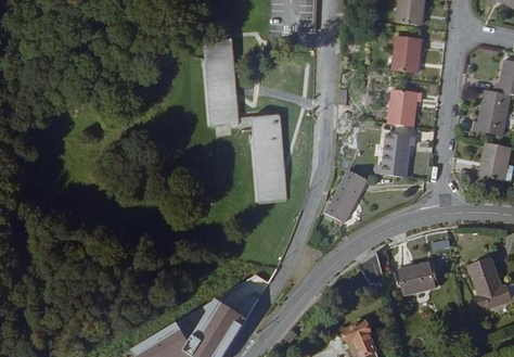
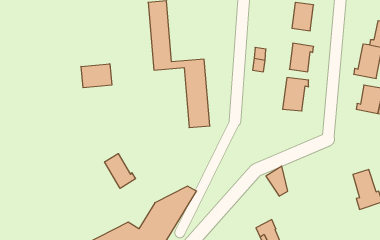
building: none -> [81,64,112,88]
building: [325,174,365,226] -> none
building: none -> [105,154,136,188]
building: [398,259,437,291] -> none

